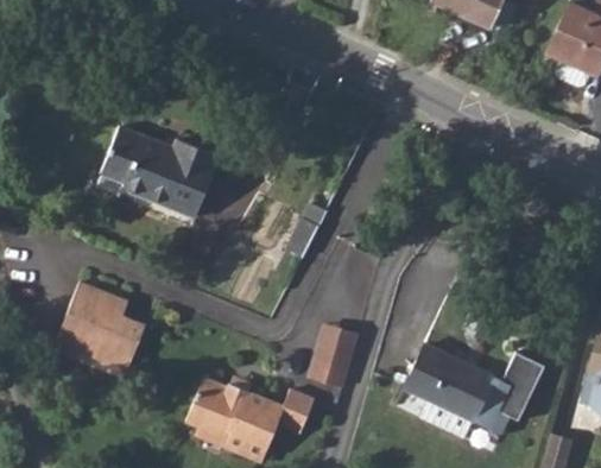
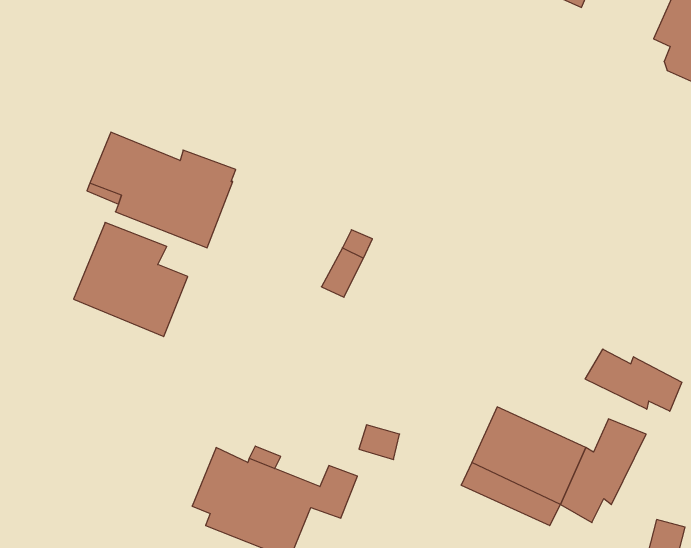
building: [57,282,147,372] -> [74,222,188,337]
building: none -> [585,349,682,411]
building: [310,323,358,377] -> none

